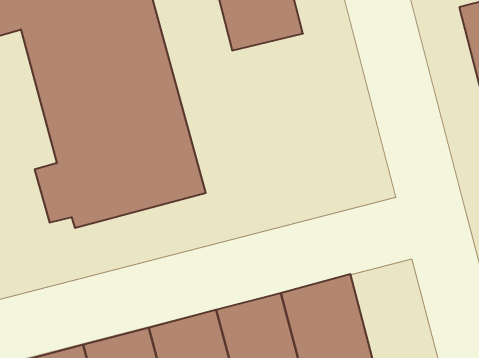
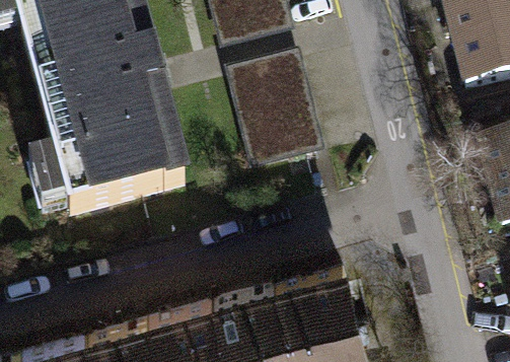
building: none -> [231,58,323,172]

